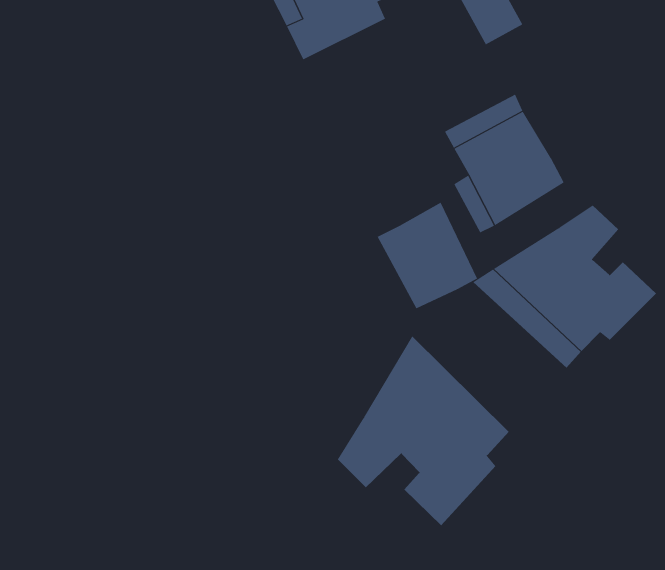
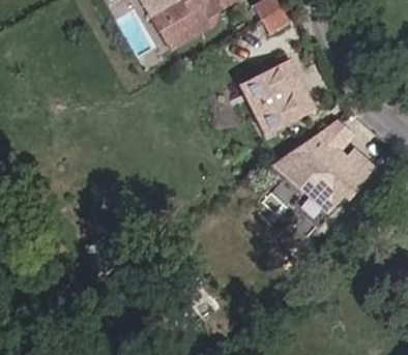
building: [377,202,478,309] -> none
building: [337,336,510,526] -> none

